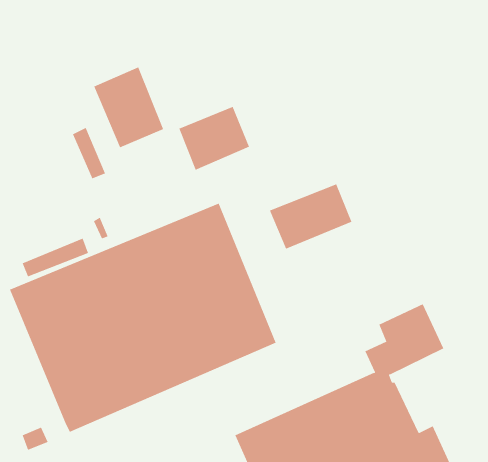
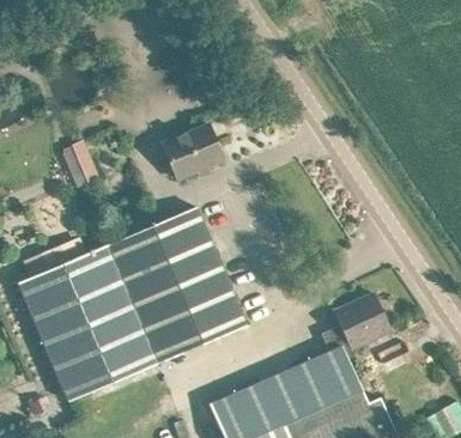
building: [93,66,164,148] -> none
building: [269,184,352,250] -> none

